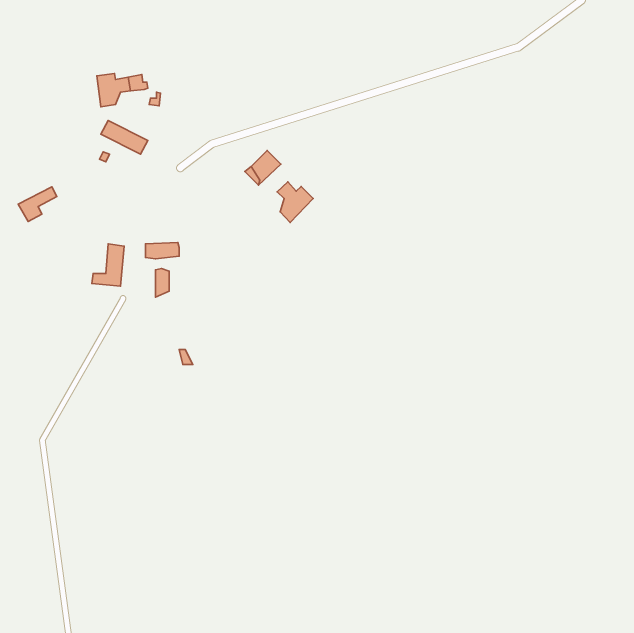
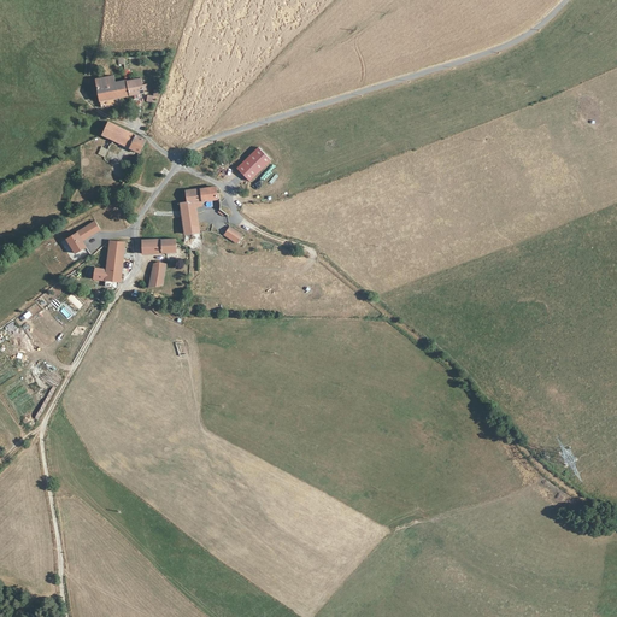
building: [277,182,313,222] -> none
building: [18,187,57,222] -> [63,224,100,258]
building: none -> [180,186,216,233]

